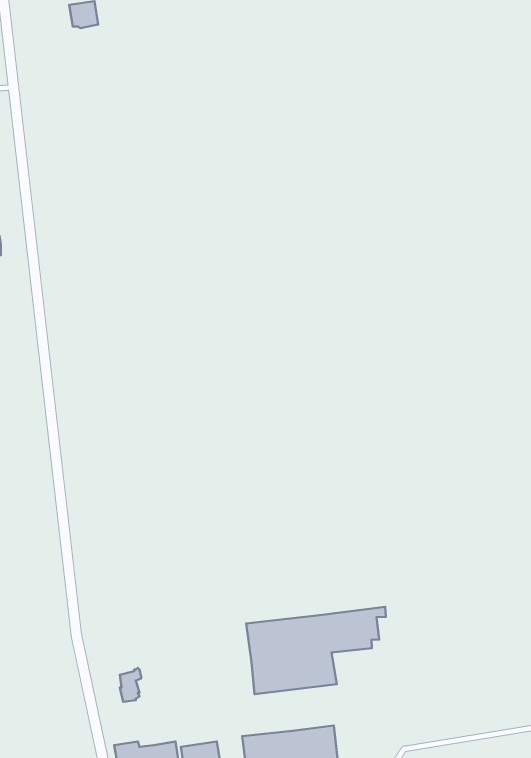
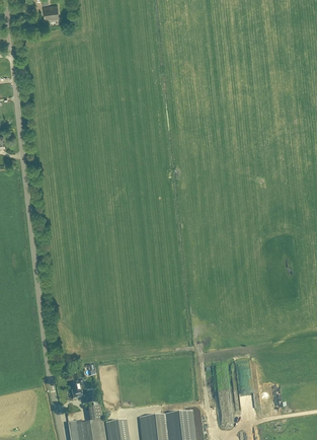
building: [246,607,386,694] -> none

